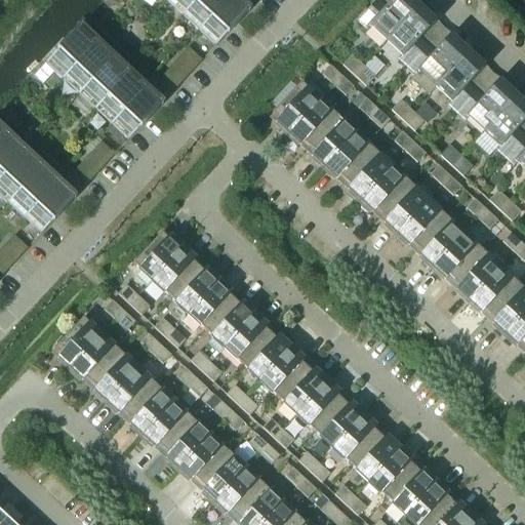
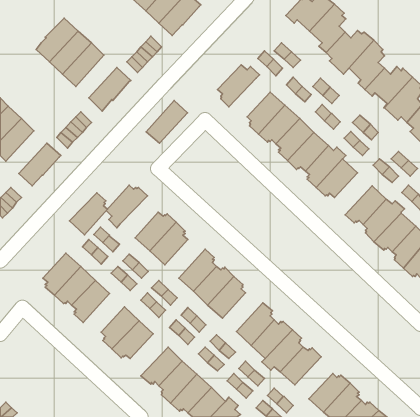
building: [95,69,147,122] -> [146,101,187,143]
building: [286,97,337,146] -> none
building: [8,163,59,216] -> none
building: [417,215,465,268] -> none
building: [151,244,198,296] -> [70,193,107,235]
building: [206,298,256,351] -> none
building: [278,365,328,413] -> none
building: [105,366,156,414] -> none
building: [163,416,210,469] -> none
building: [368,445,415,497] -> none

